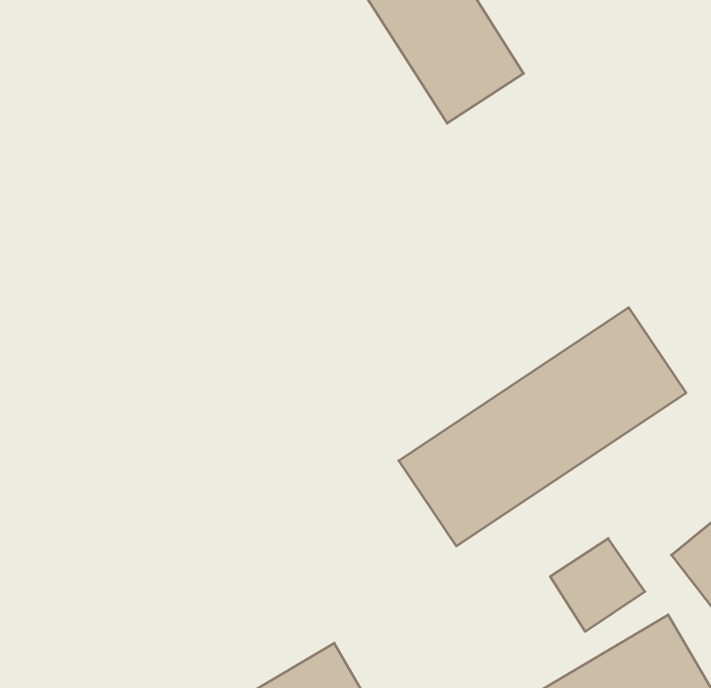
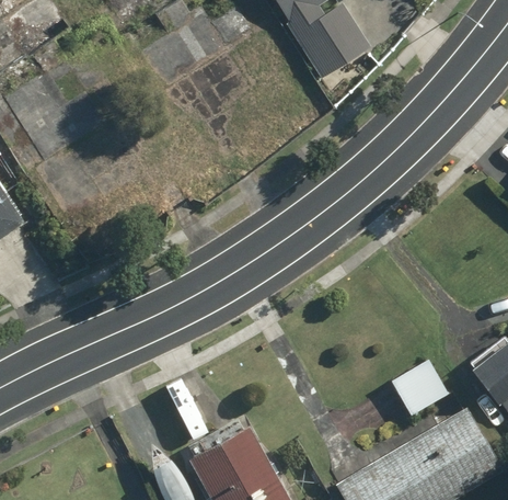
building: [399,308,686,546] -> none

